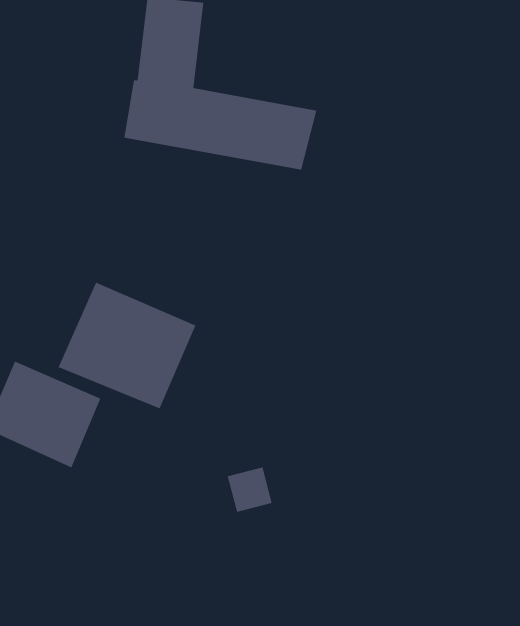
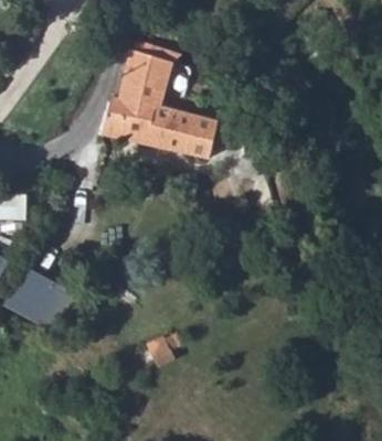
building: [58,282,196,409] -> none

